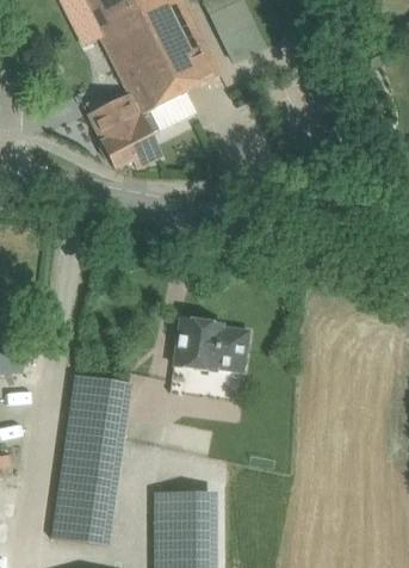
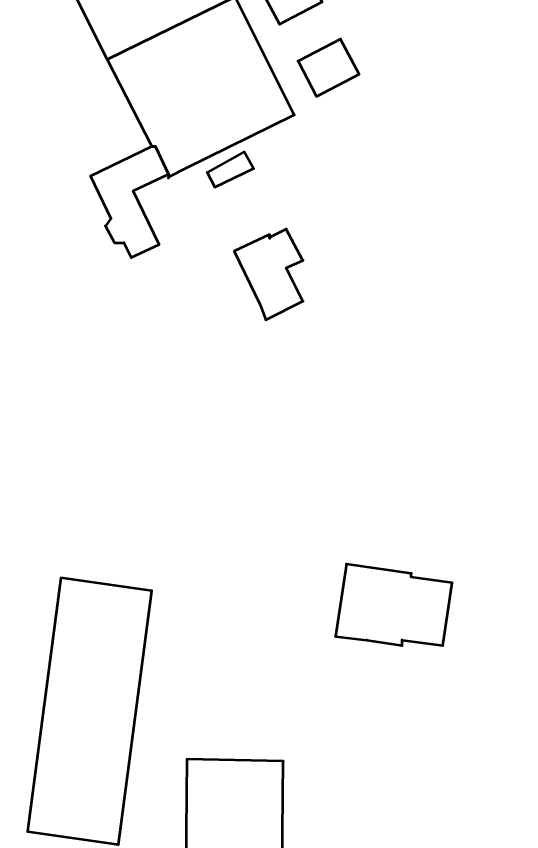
building: [118,110,162,168] -> [234,229,303,320]
building: [174,317,249,370] -> [335,564,452,646]

